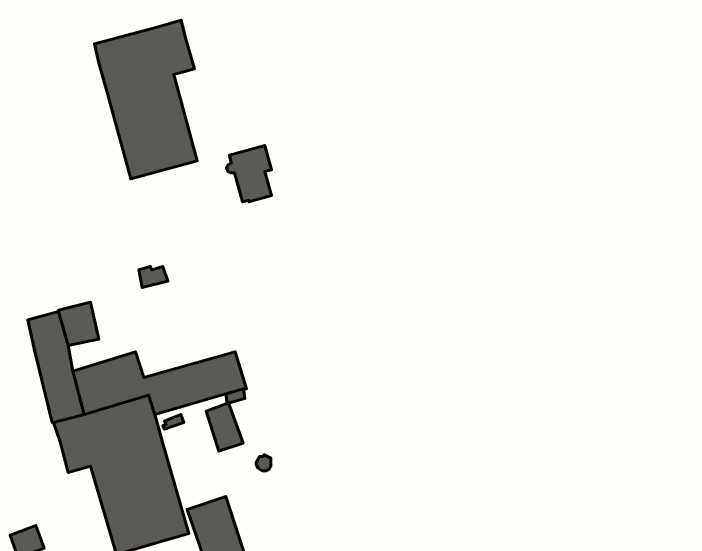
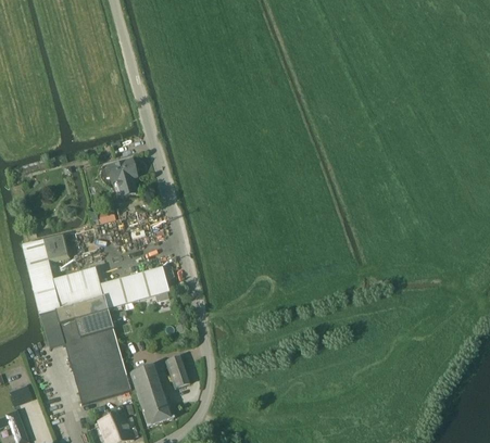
building: [94,20,197,179] -> none
building: [226,146,271,202] -> [105,157,136,195]
building: [206,403,243,451] -> [165,355,190,388]

